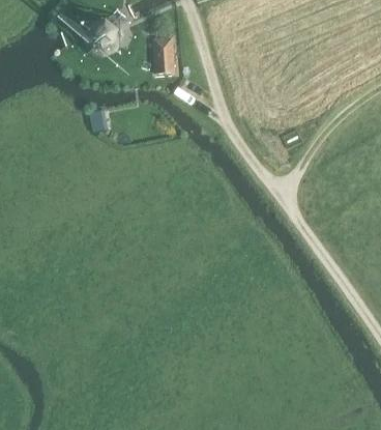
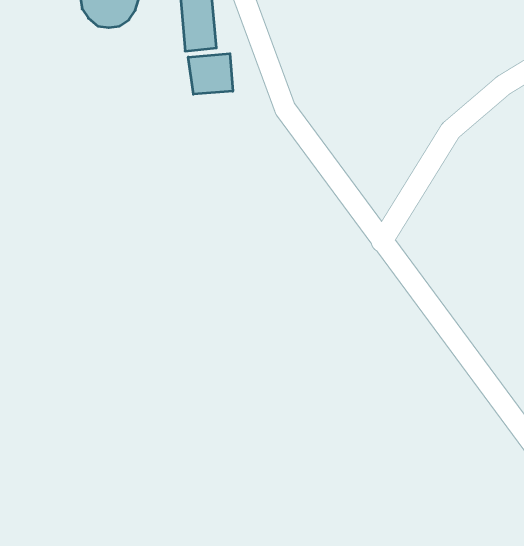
building: none -> [188,54,233,94]

